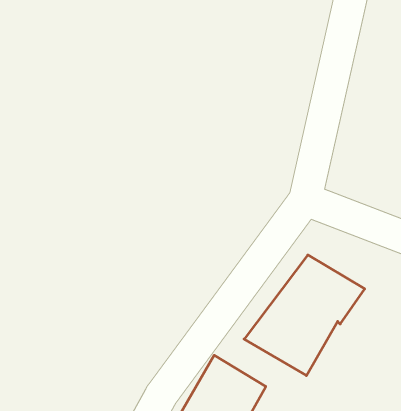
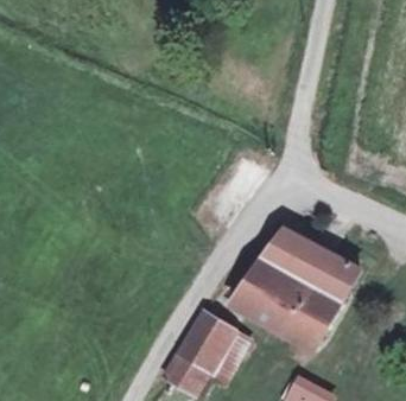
building: none -> [284,254,359,346]

